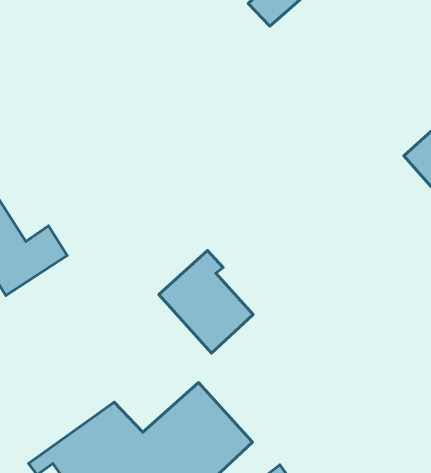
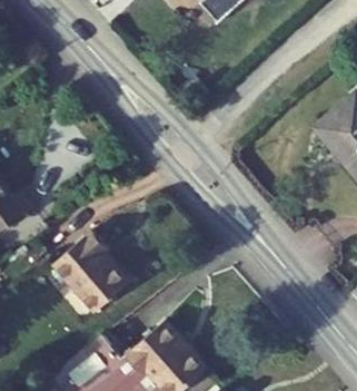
building: [159,250,253,353] -> [46,227,119,307]

